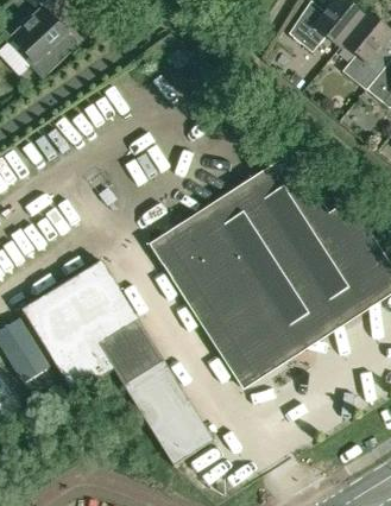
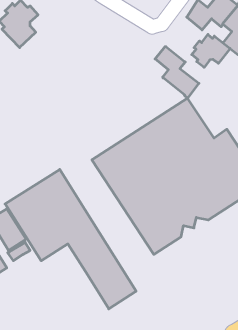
building: none -> [192,34,230,67]
building: none -> [155,47,199,98]

